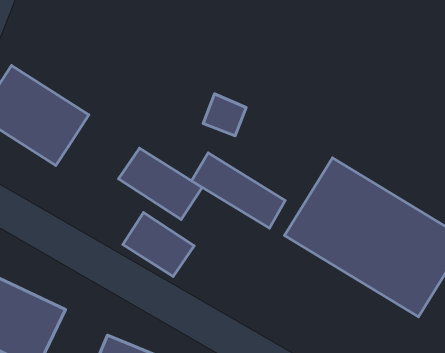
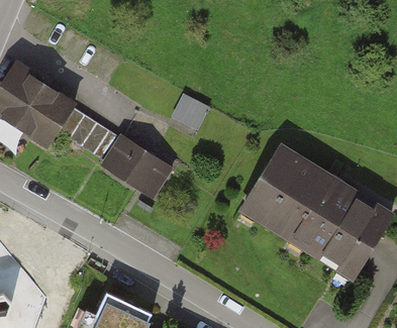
building: [192,153,285,228] -> none
building: [123,212,194,276] -> [63,109,121,161]

